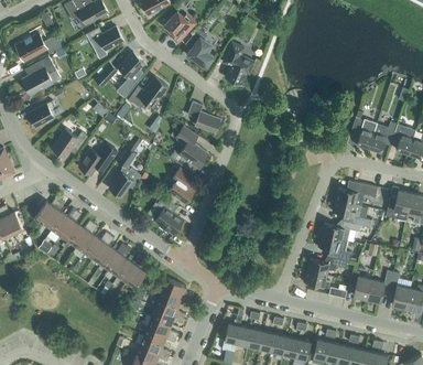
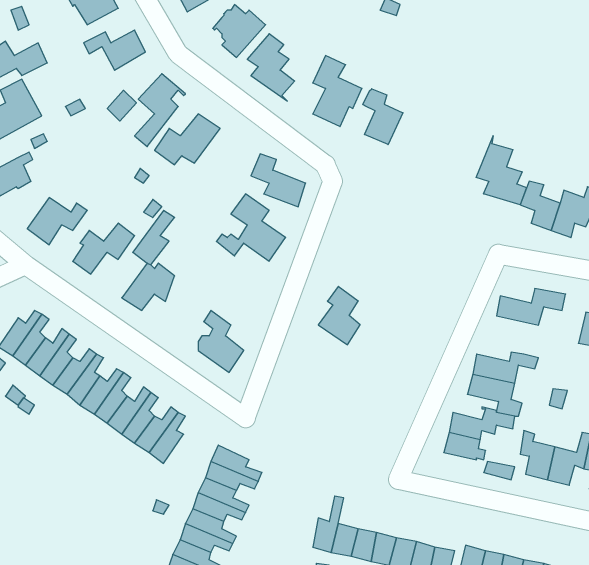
building: none -> [363,89,403,145]
building: none -> [476,136,526,205]
building: [169,168,194,203] -> [318,286,360,345]
building: [333,200,371,227] -> none

